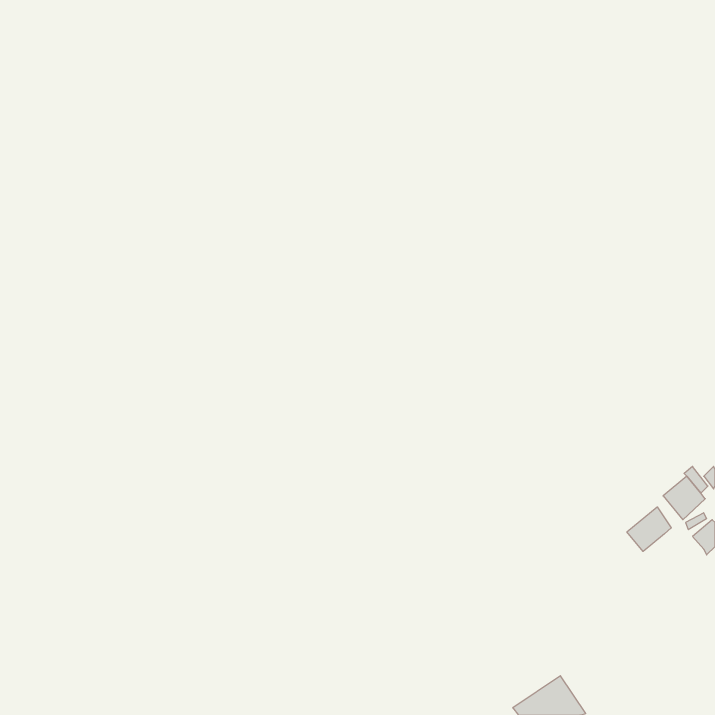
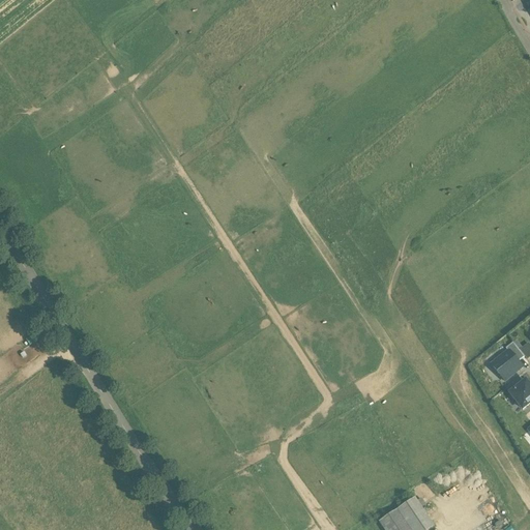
building: [627,507,671,551] -> none

